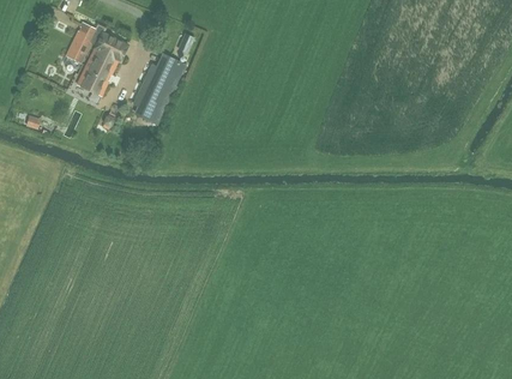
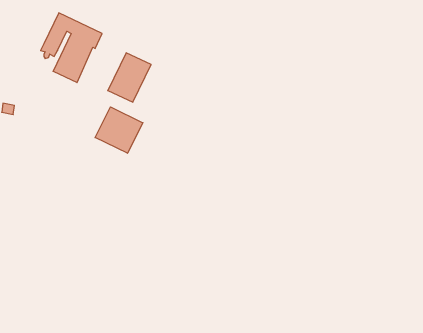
building: none -> [95,107,143,153]

